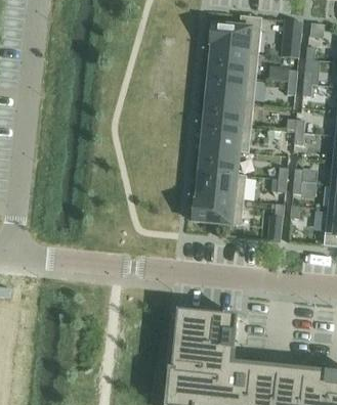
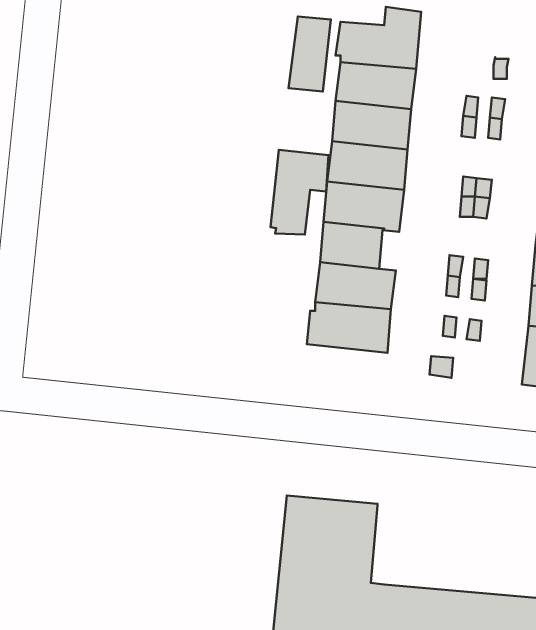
building: [281,16,302,55] -> none
building: none -> [289,16,331,91]
building: none -> [270,150,328,234]

